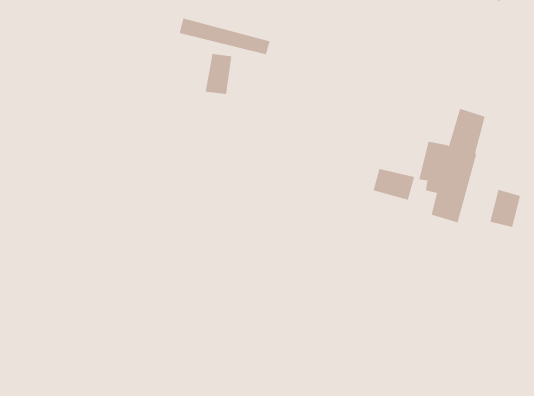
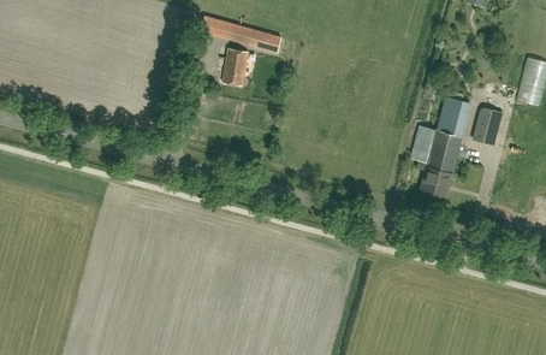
building: [373,168,415,200] -> none
building: [489,189,521,227] -> [473,111,500,144]

